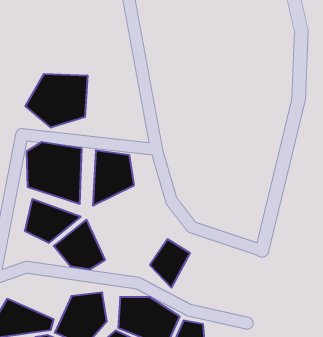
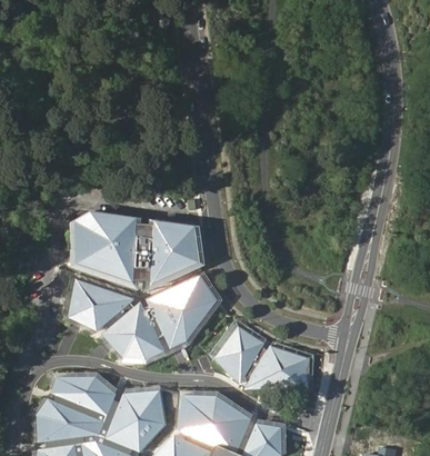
building: [25,74,87,128] -> none
building: none -> [146,274,216,347]
building: none -> [246,344,310,390]
building: none -> [50,376,116,415]

